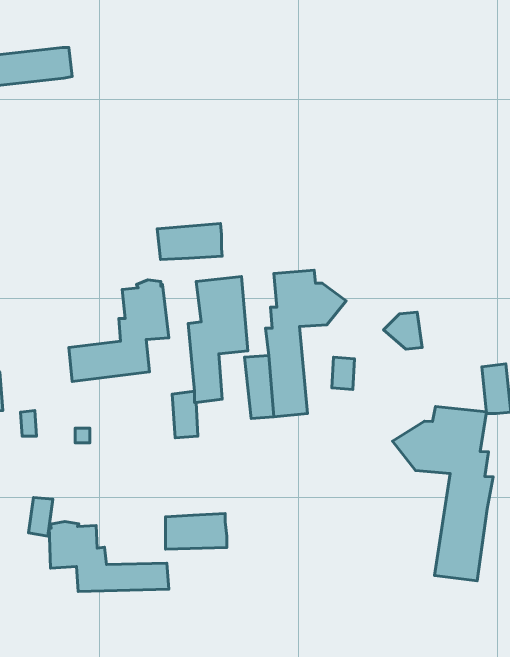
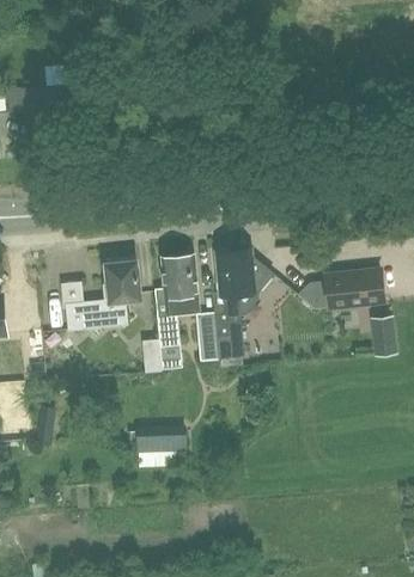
building: [157,224,222,260] -> none
building: none -> [340,269,383,306]
building: [393,406,493,581] -> none
building: [49,521,169,592] -> none

